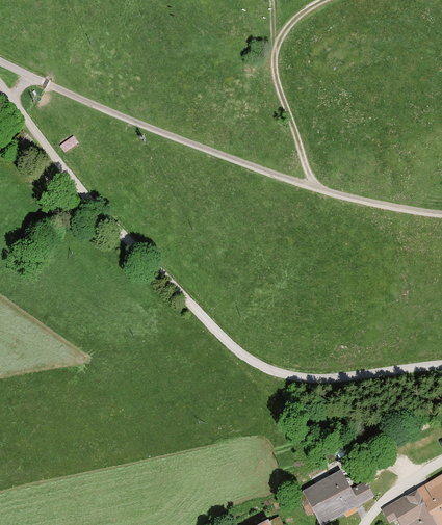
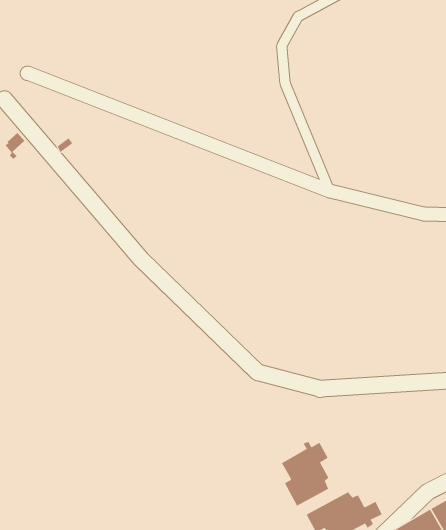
building: none -> [281,441,329,507]

